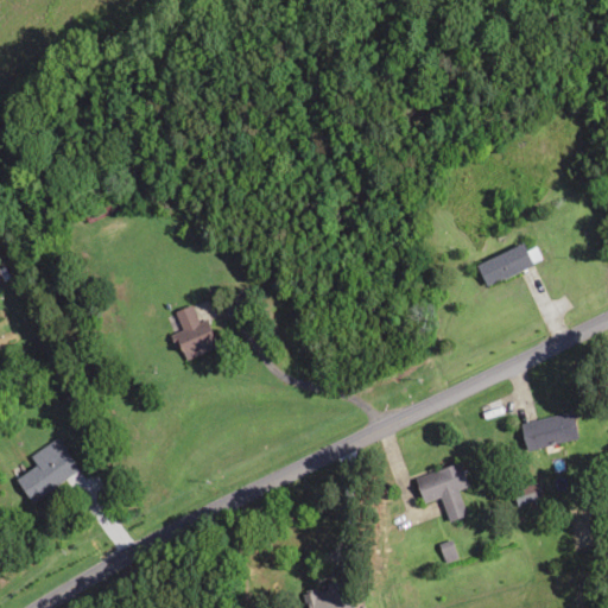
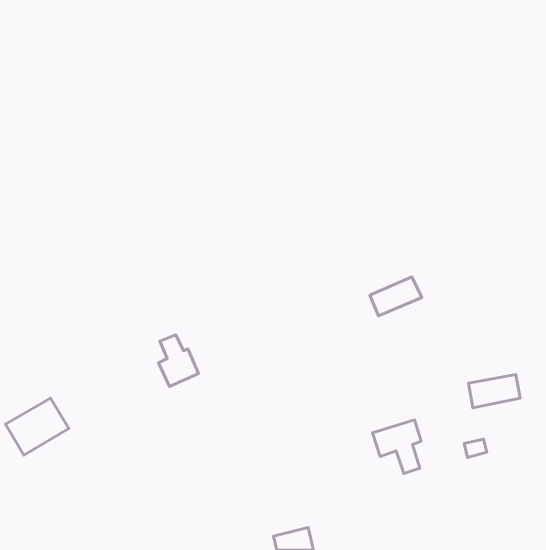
building: [477,243,534,286] -> [370,277,422,316]
building: [175,304,218,361] -> [159,335,198,386]

